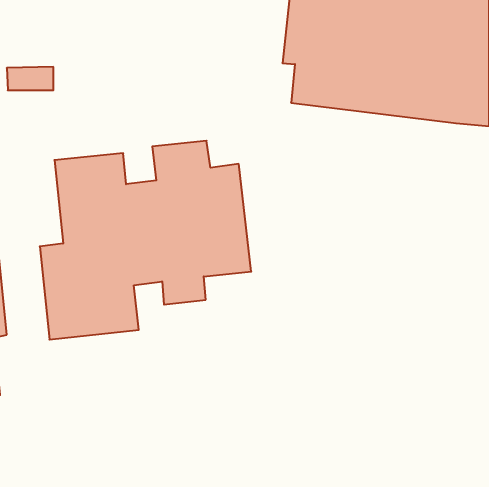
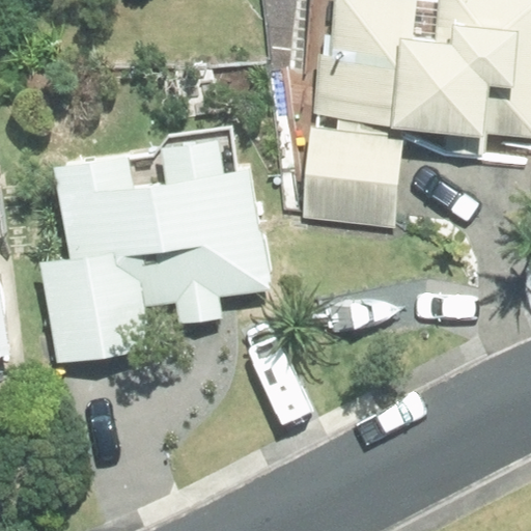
building: none -> [300,125,399,224]

